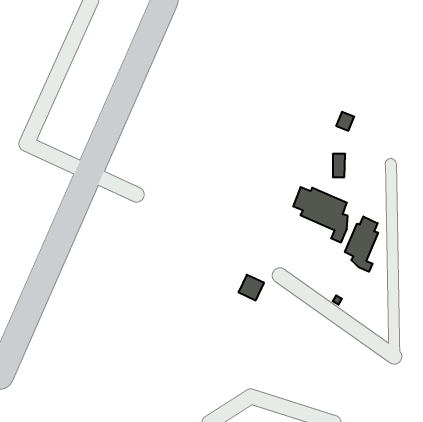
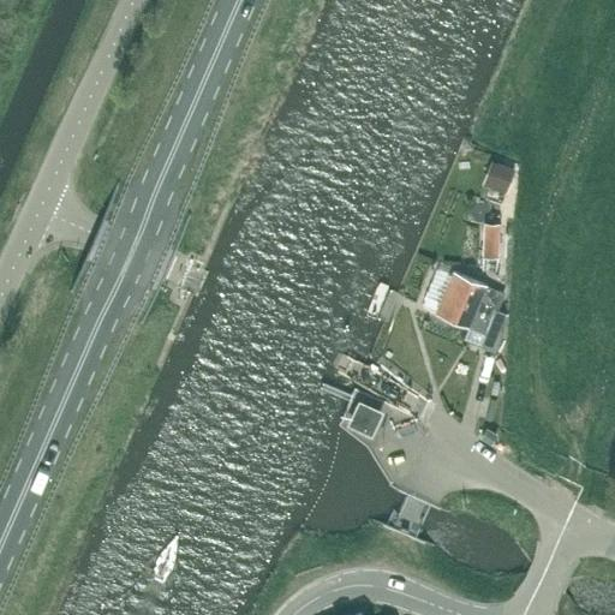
building: [345,216,378,272] -> none

